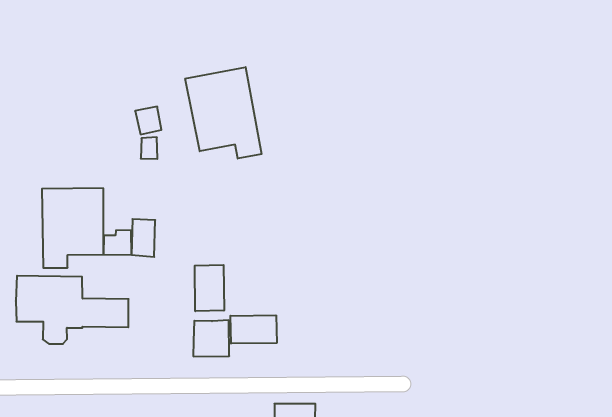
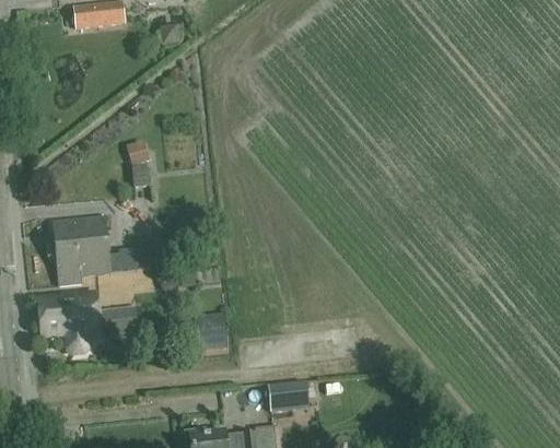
building: [185,67,262,159] -> none
building: [195,265,224,311] -> none
building: [230,315,277,344] -> none

